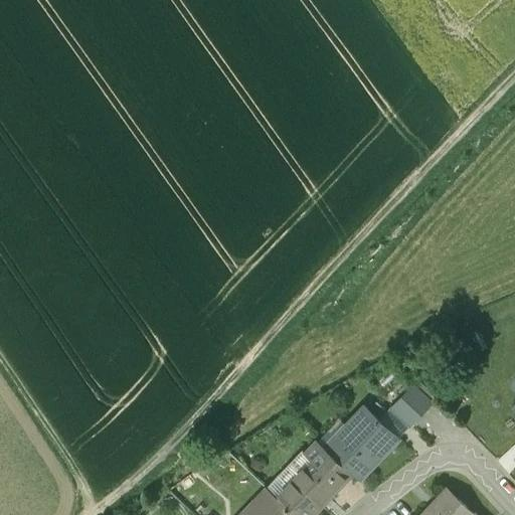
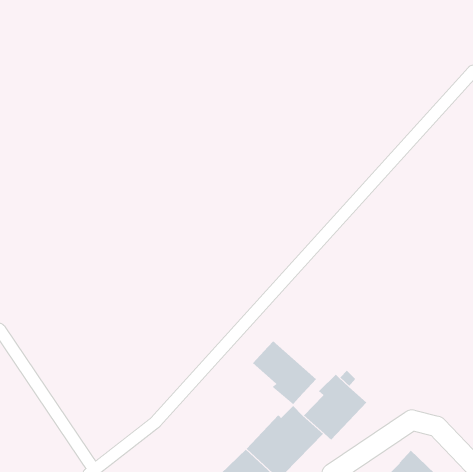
building: none -> [252,341,317,405]
building: [390,387,431,426] -> none

